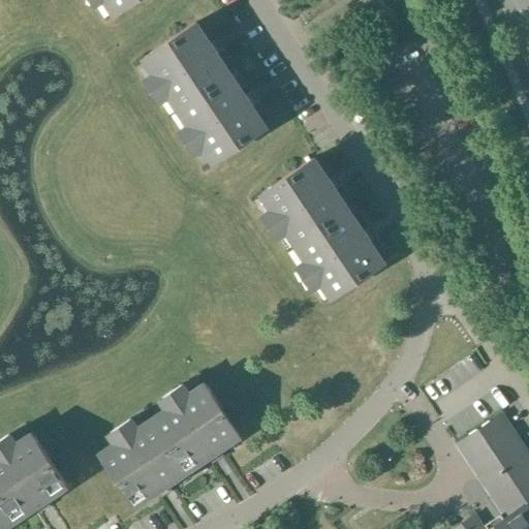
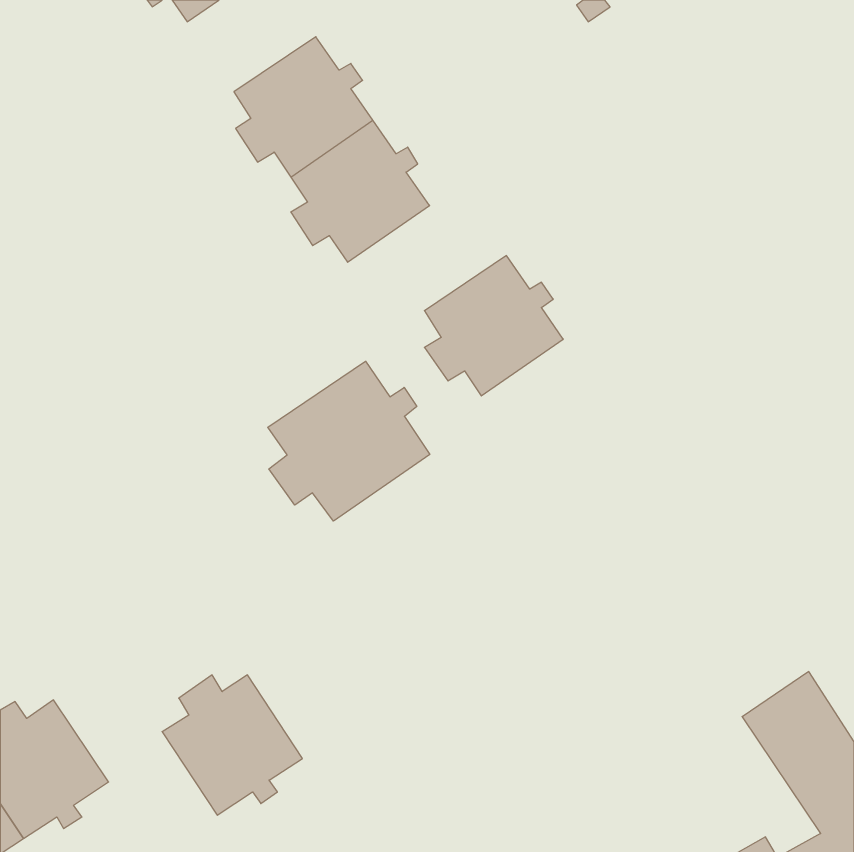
building: [298,211,383,298] -> none
building: none -> [268,361,430,521]
building: [153,383,240,470] -> none

